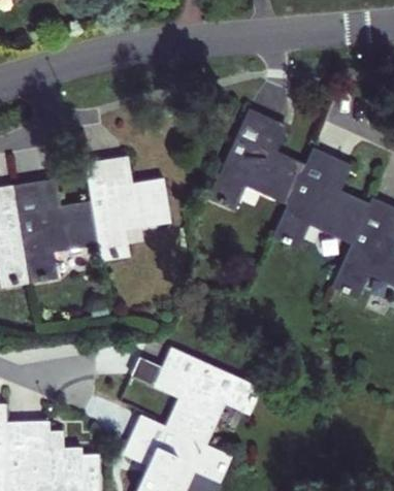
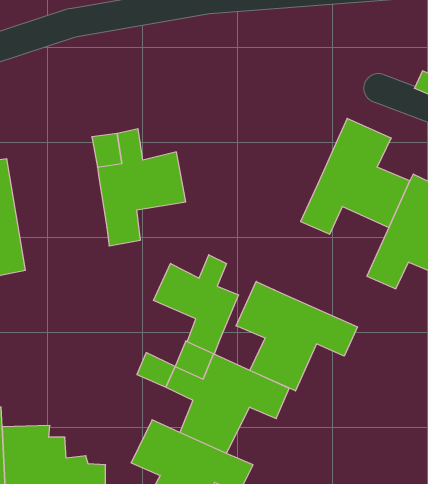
building: [206,108,306,214] -> none
building: [11,177,100,283] -> none
building: none -> [154,255,238,354]
building: none -> [236,281,357,391]

